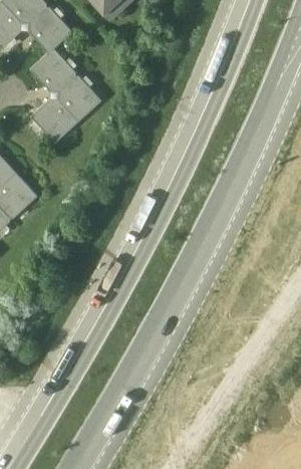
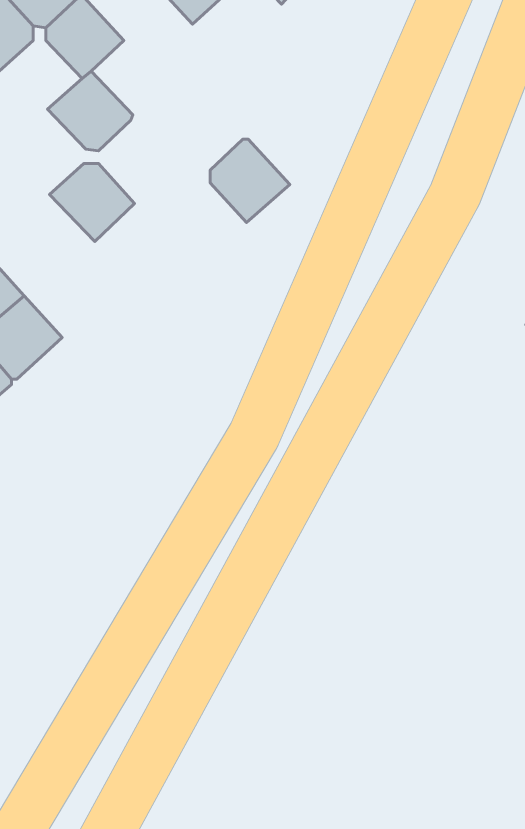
building: [57,75,101,122] -> [210,139,290,223]

